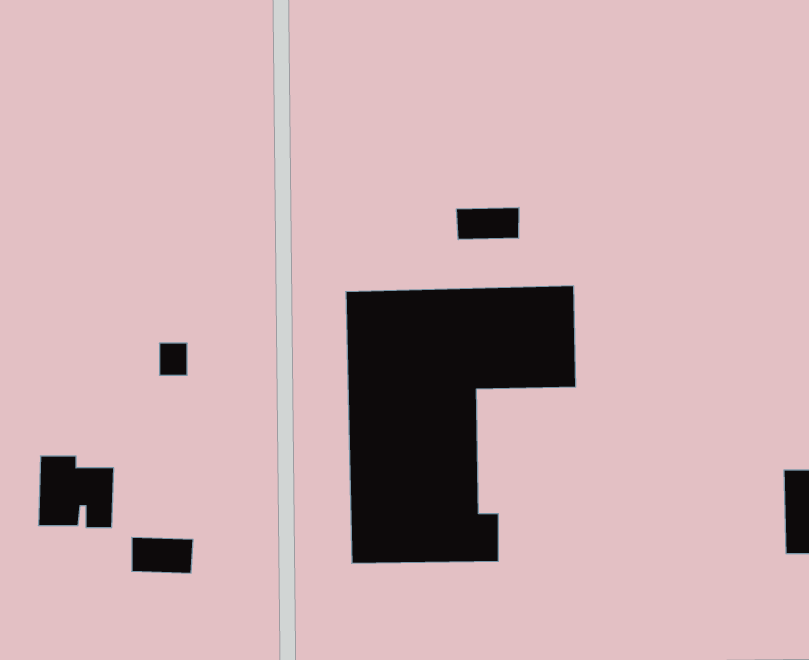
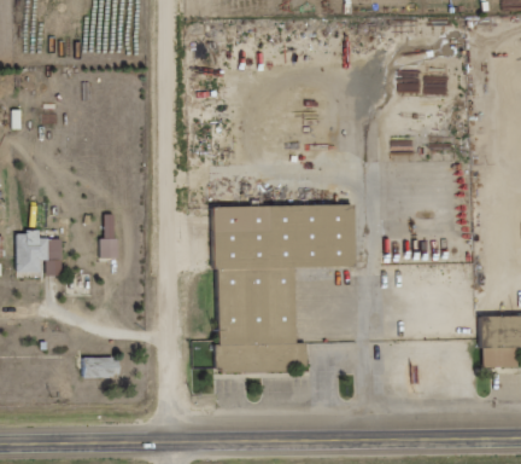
building: [457,207,519,240] -> none
building: [38,456,114,527] -> [17,231,63,274]

